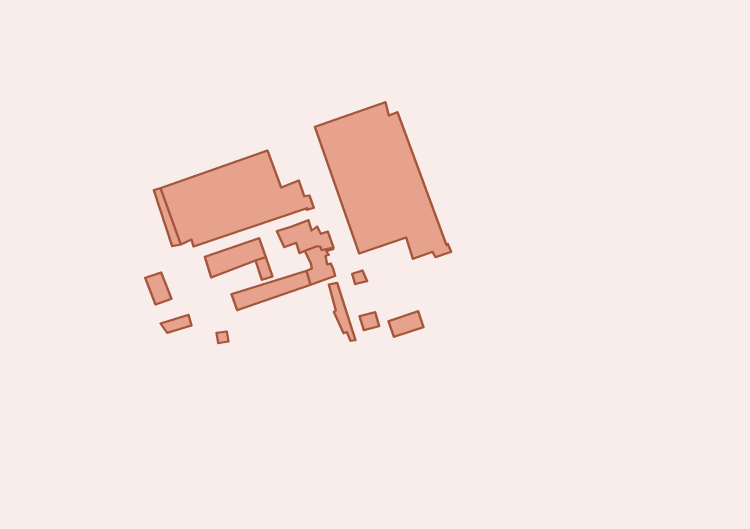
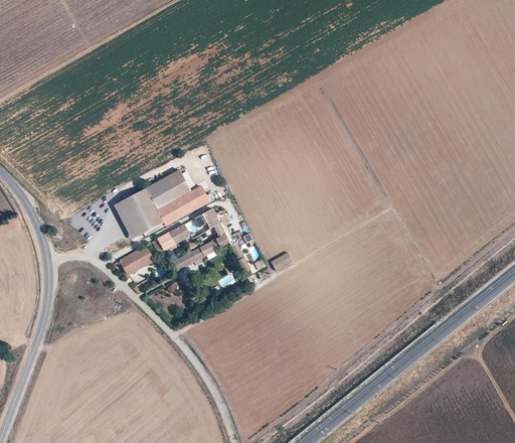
building: [315,102,451,259] -> none
building: none -> [127,245,154,270]

